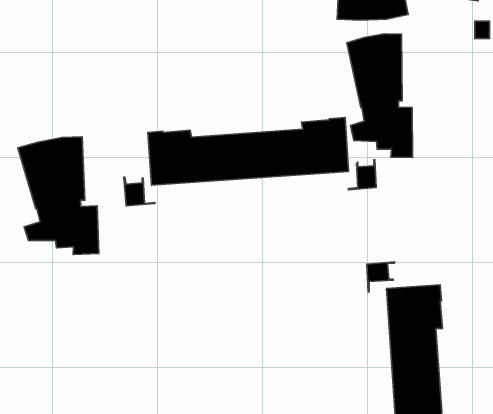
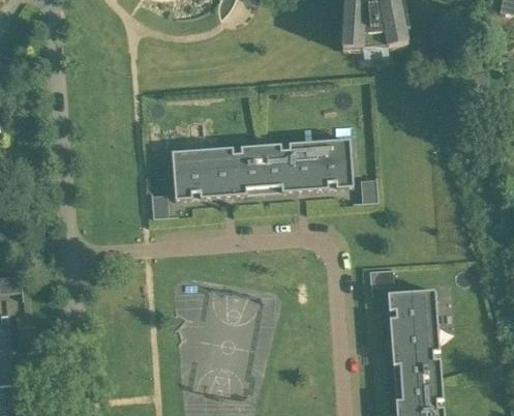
building: [347,34,413,157] -> none
building: [18,137,99,254] -> none

